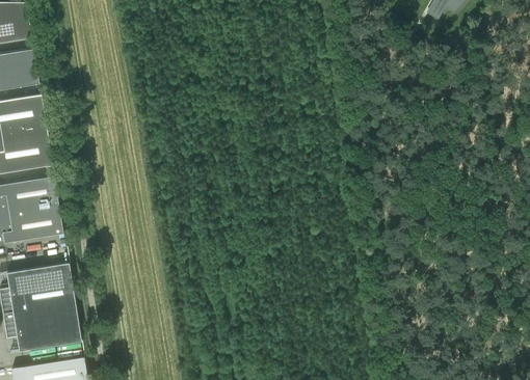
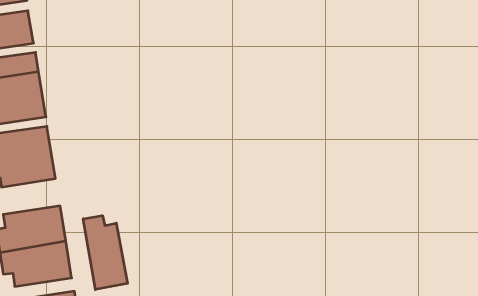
building: none -> [83,216,128,290]

